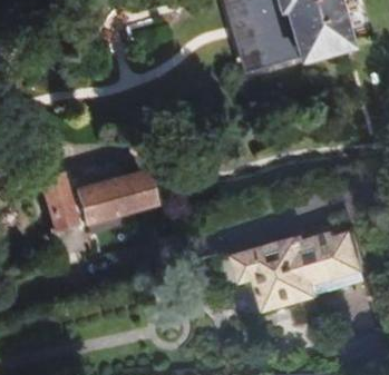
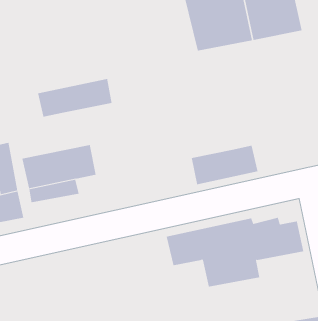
building: none -> [38,78,112,118]
building: none -> [191,145,258,185]

